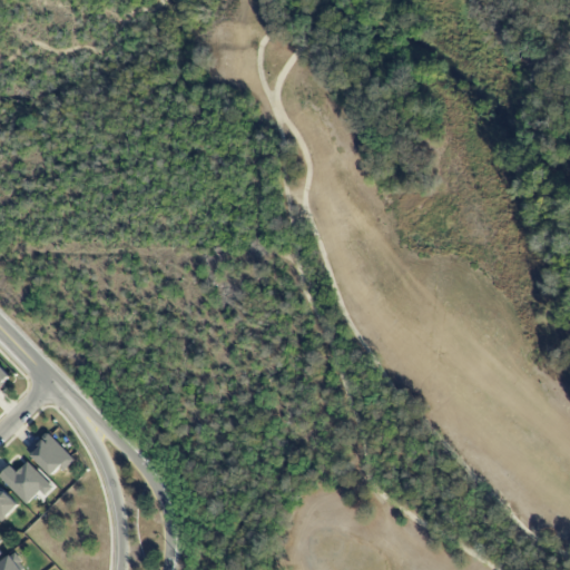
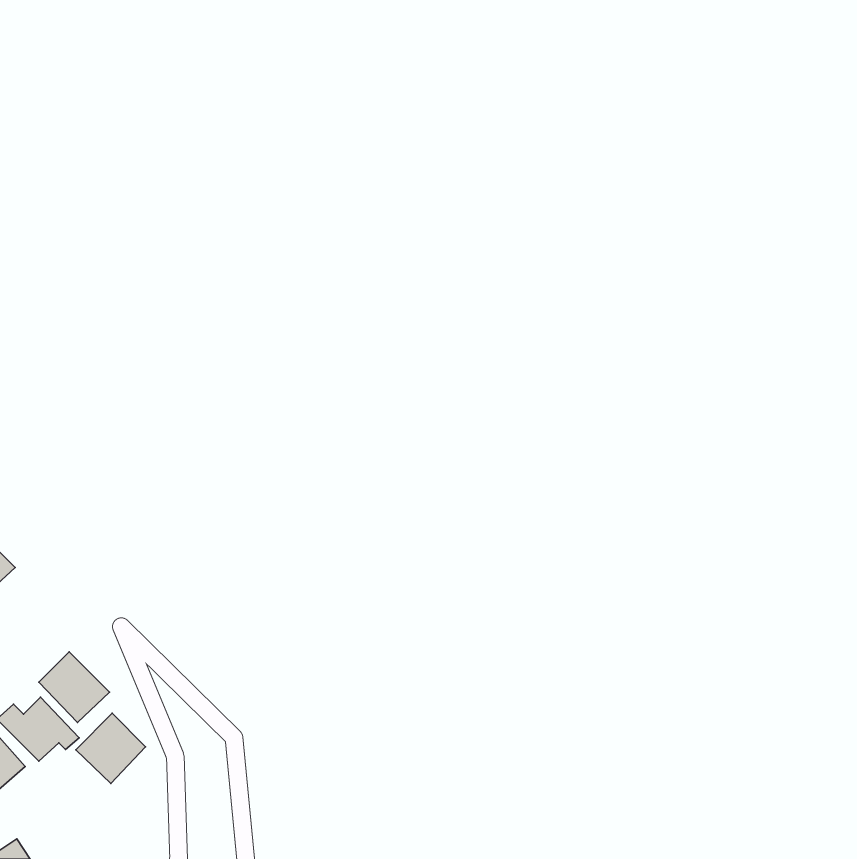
building: none -> [76,713,146,783]

